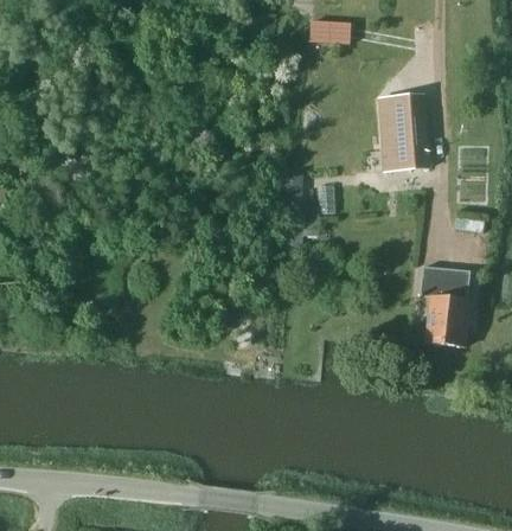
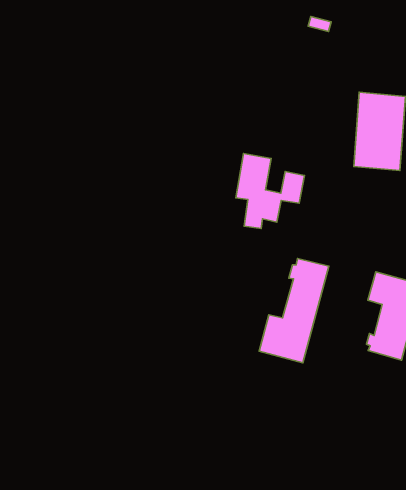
building: none -> [259,258,329,363]

